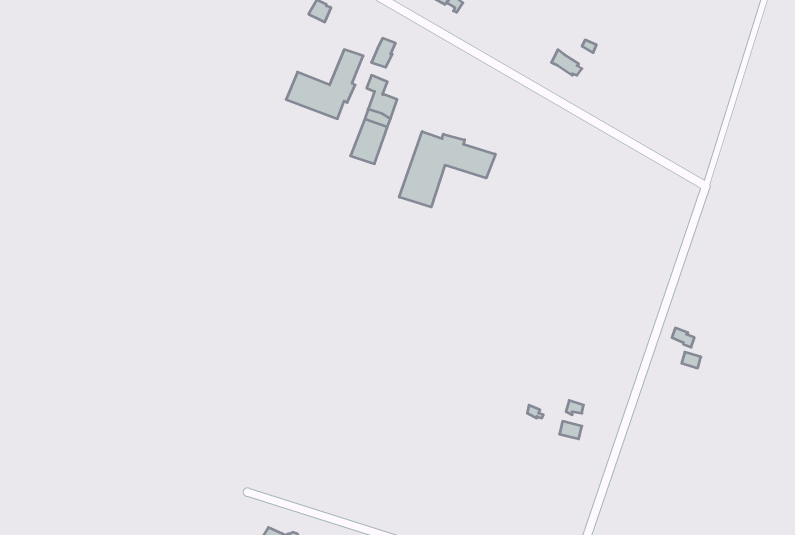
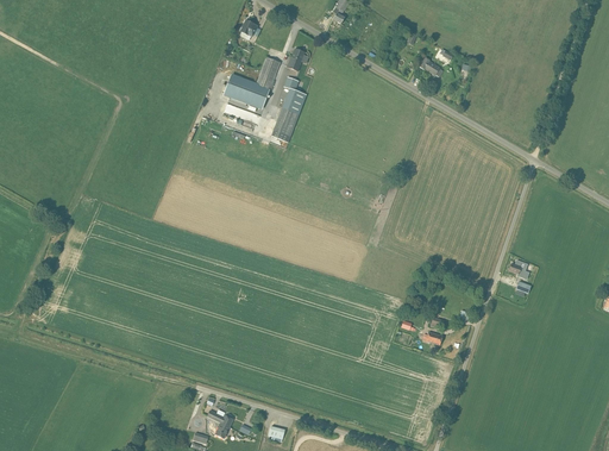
building: [399,131,495,207] -> none

